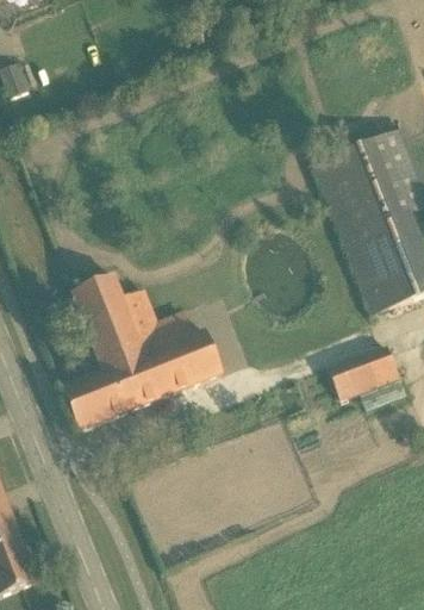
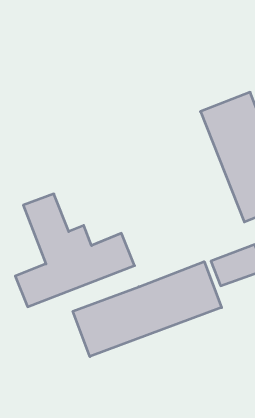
building: none -> [73,262,222,357]

